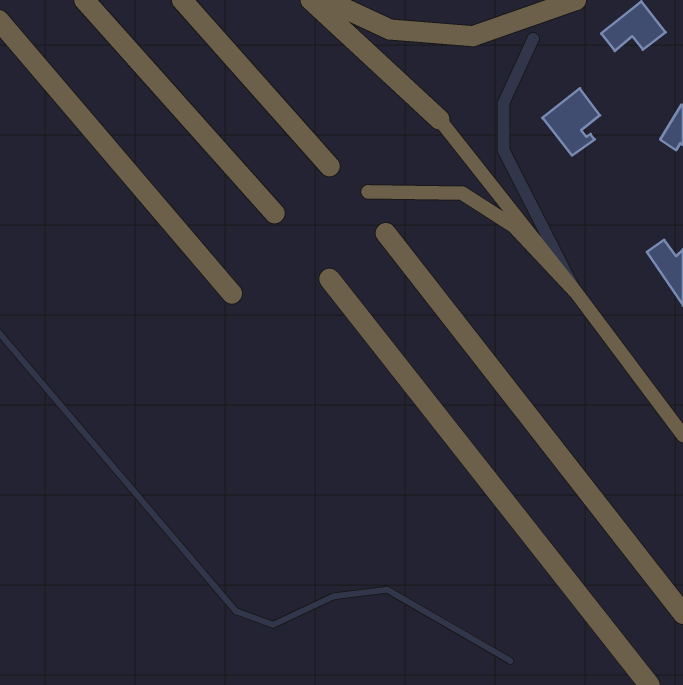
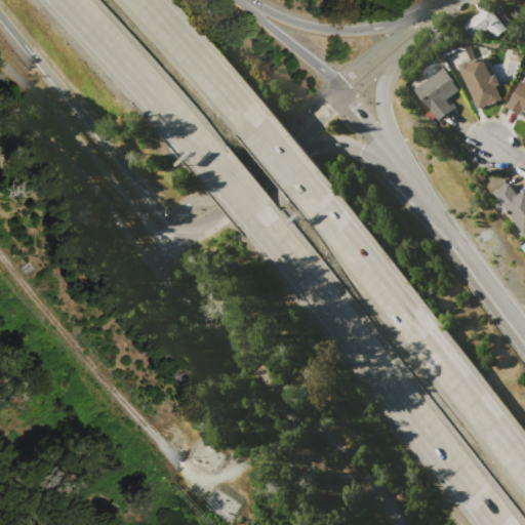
building: none -> [458,57,499,108]

